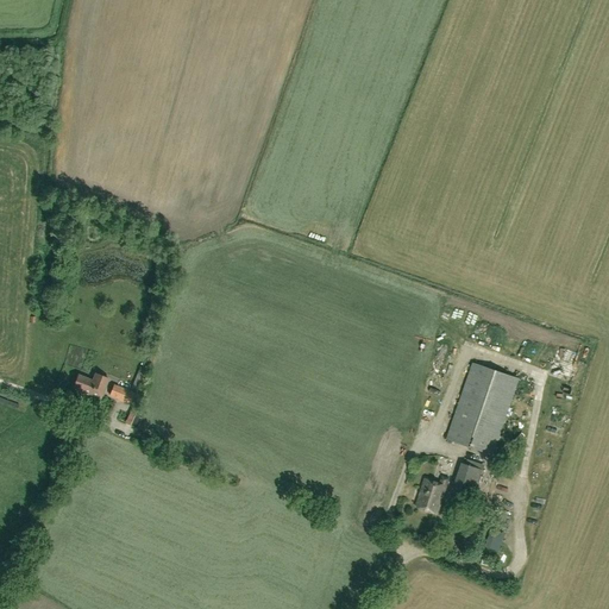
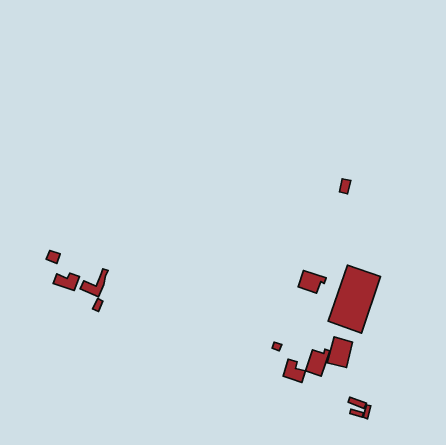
building: none -> [298,271,326,293]
building: none -> [283,359,305,383]

